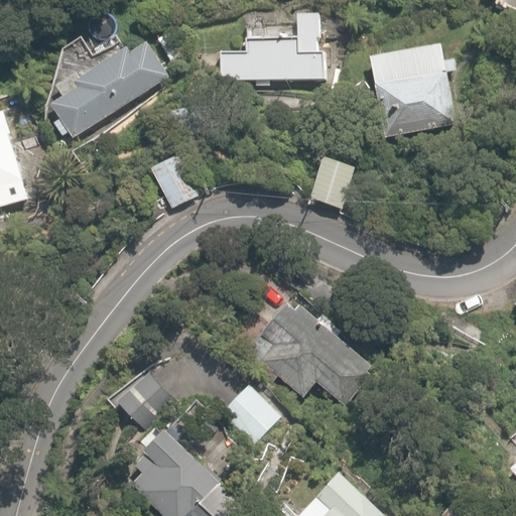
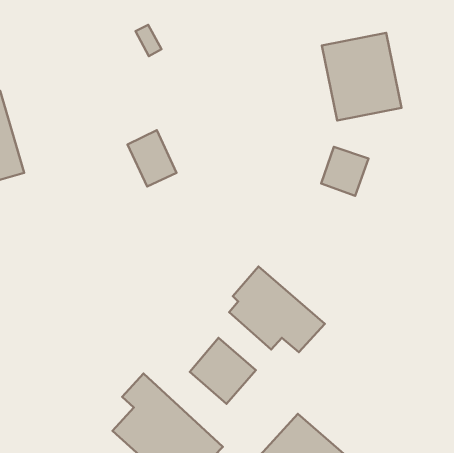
building: [218,13,330,84] -> none
building: [40,34,170,141] -> none
building: [307,153,361,209] -> [321,147,368,196]
building: [116,375,174,433] -> none

